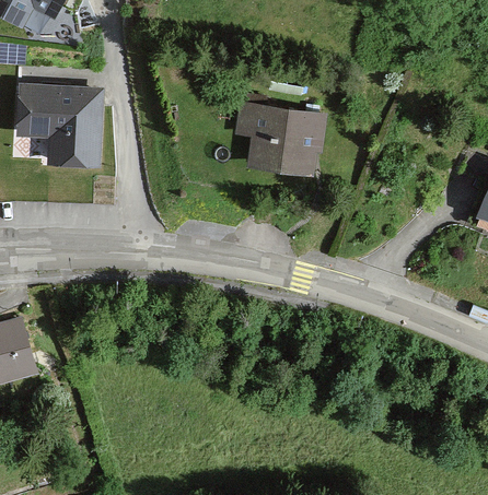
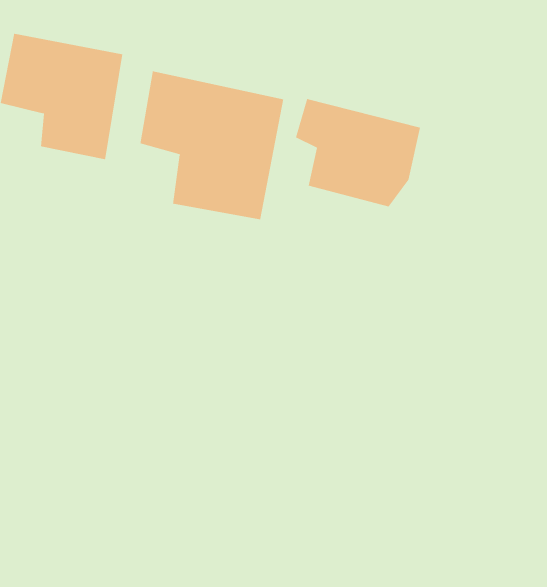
building: none -> [140,71,284,220]

